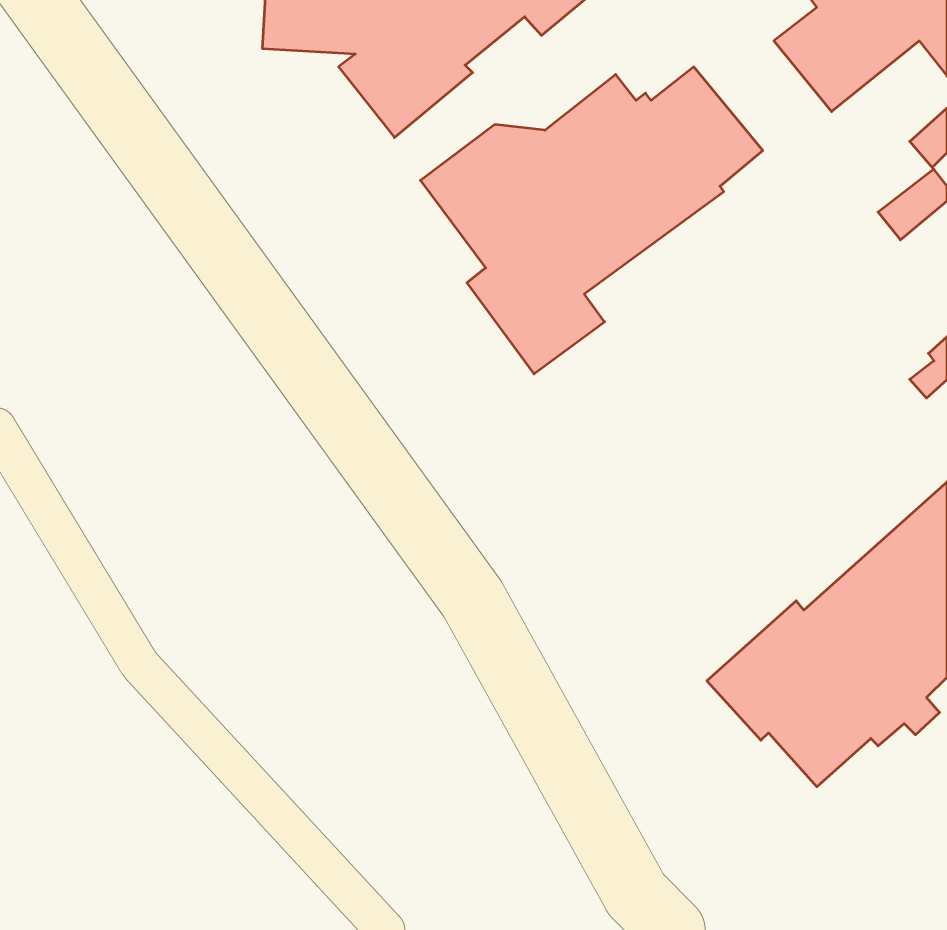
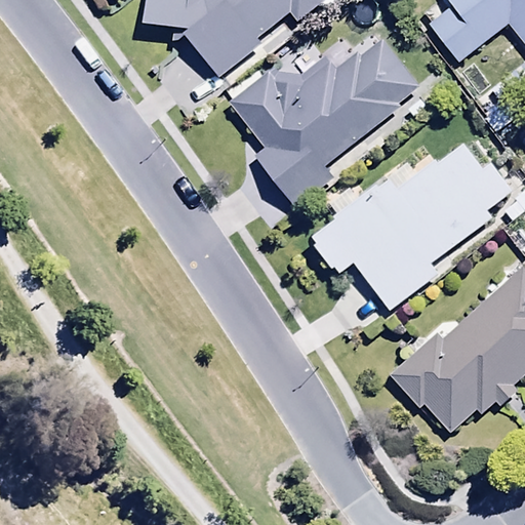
building: none -> [314,146,513,310]

